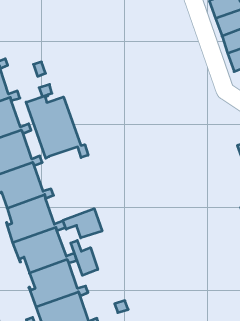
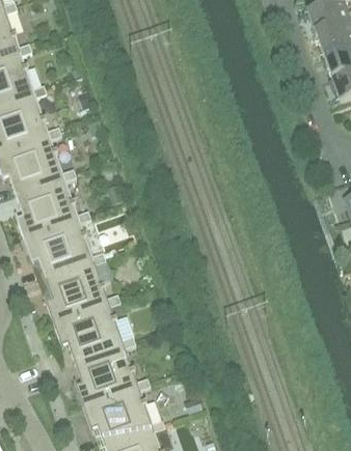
building: [26,95,88,158] -> none
building: [63,209,102,238] -> none
building: [71,240,98,275] -> none

